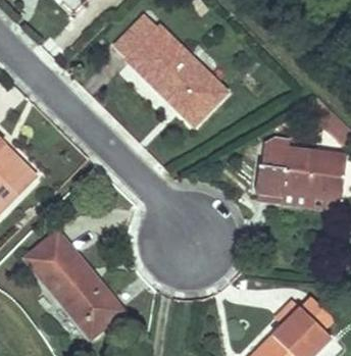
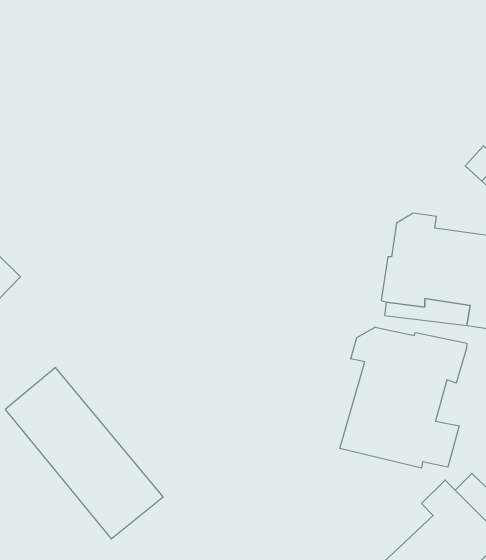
building: [114,14,225,124] -> none
building: none -> [340,327,467,468]

